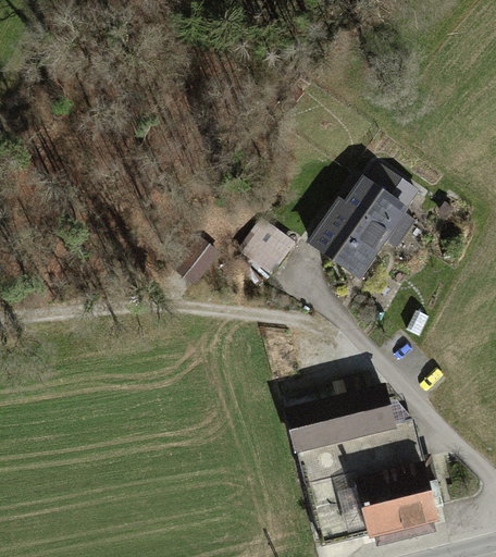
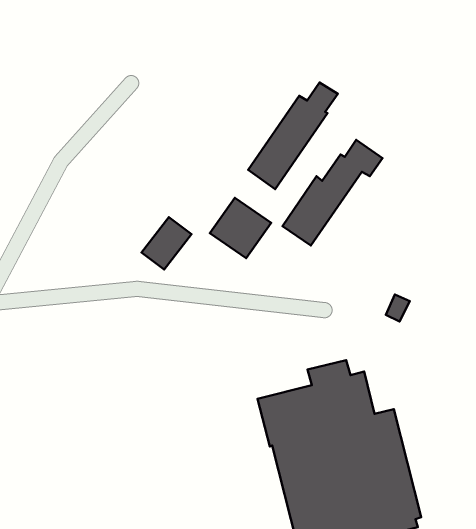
building: [334,178,420,281] -> [248,82,338,189]

